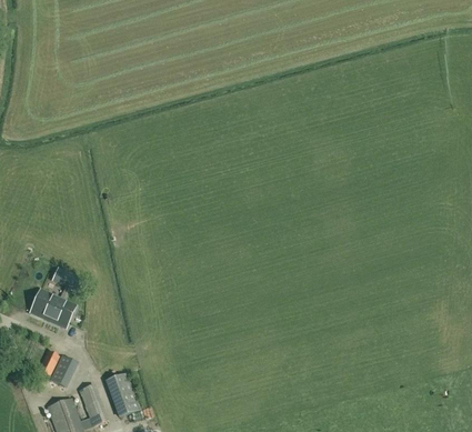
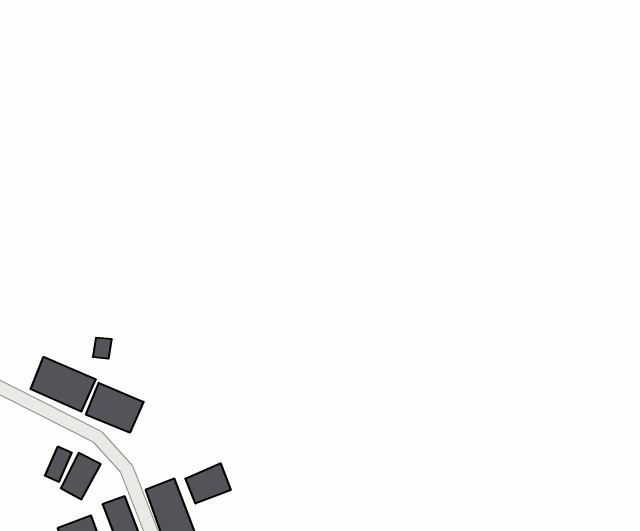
building: none -> [86,383,144,433]
building: none -> [185,463,231,504]

